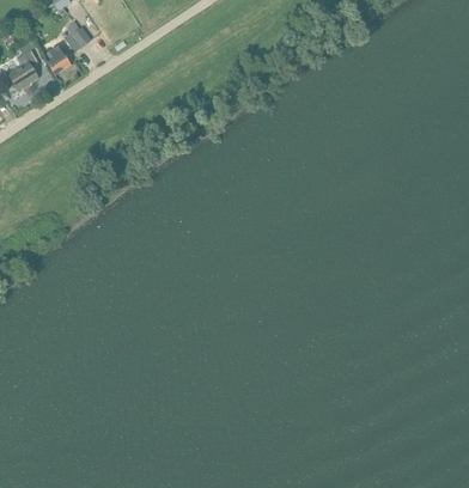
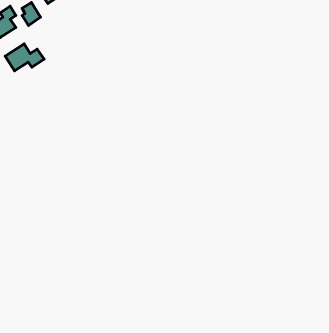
building: none -> [5,44,44,71]

